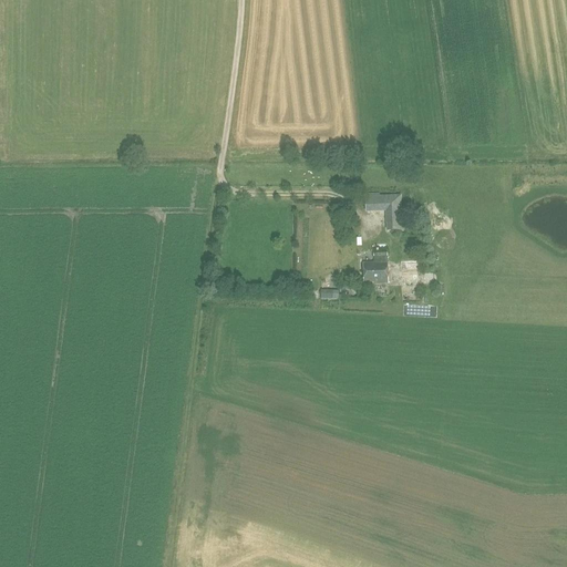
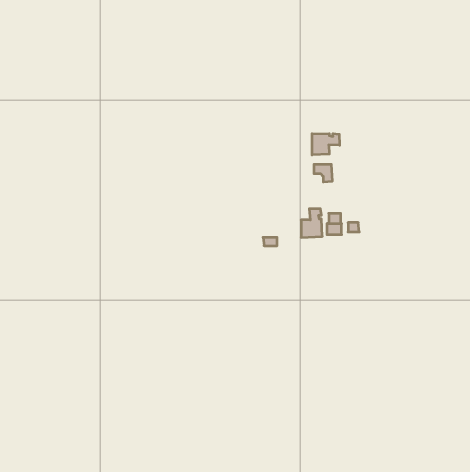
building: none -> [312,134,340,155]

